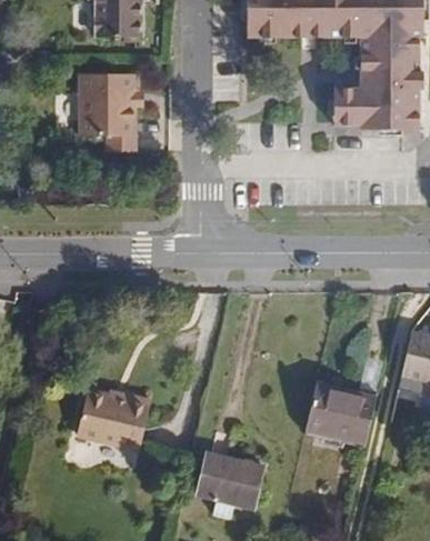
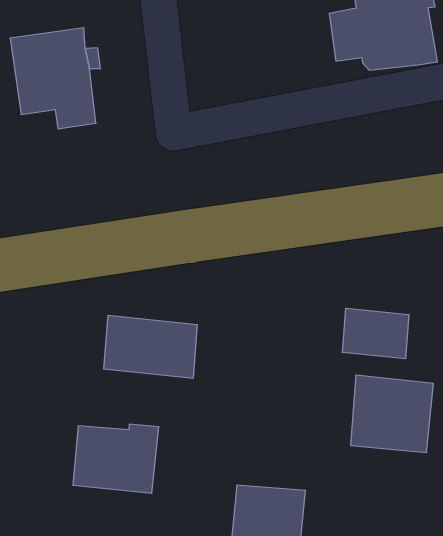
building: none -> [104,315,197,378]
building: none -> [342,308,409,359]

